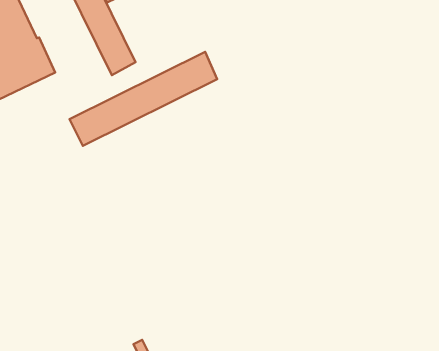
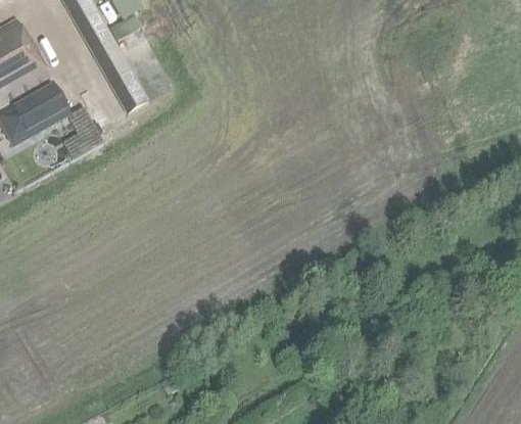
building: [69,52,217,146] -> none

